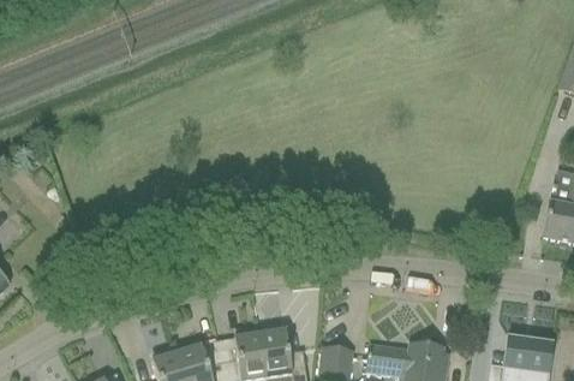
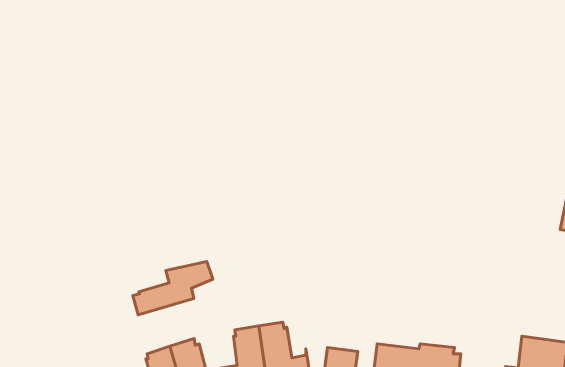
building: none -> [133,261,213,315]

